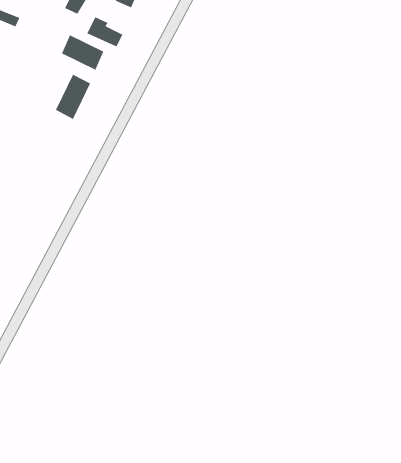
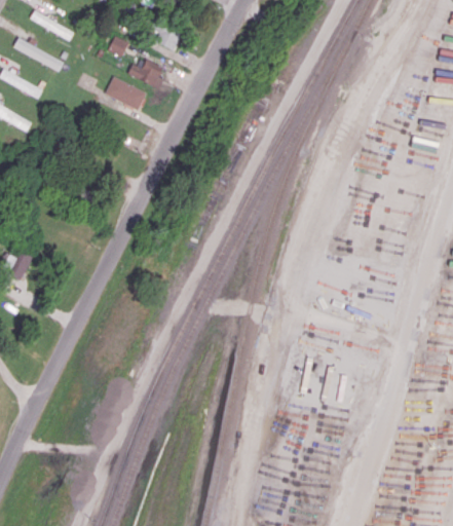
building: [55,74,91,120] -> none

